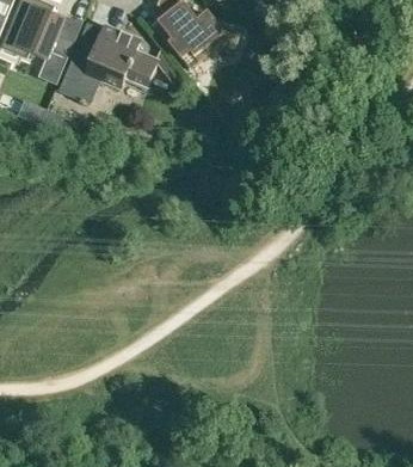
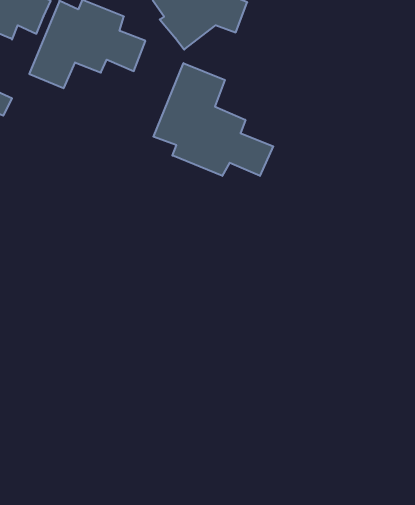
building: none -> [153,63,273,176]

